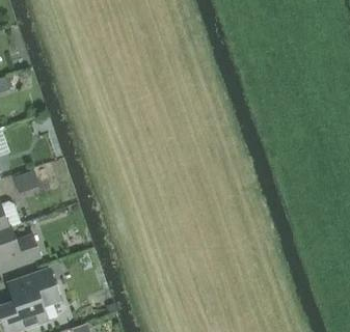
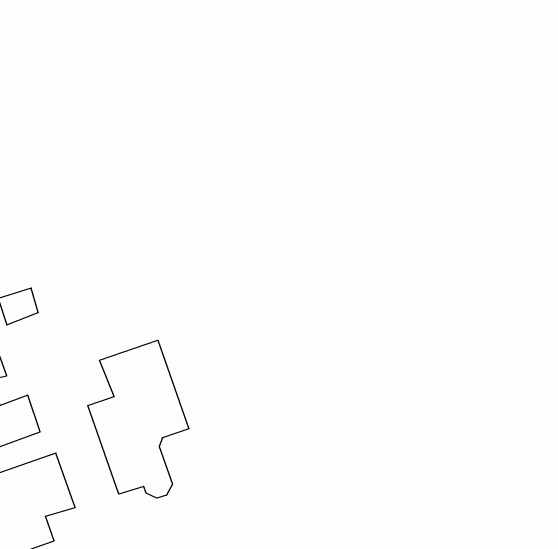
building: none -> [88,340,189,498]

